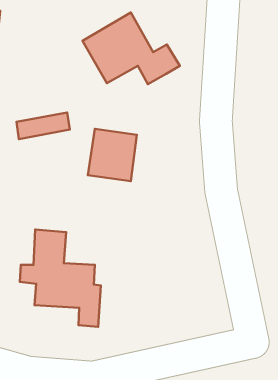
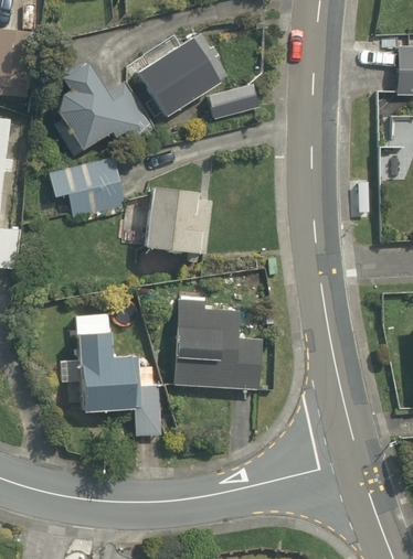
building: none -> [54,67,152,154]
building: none -> [173,298,265,389]

